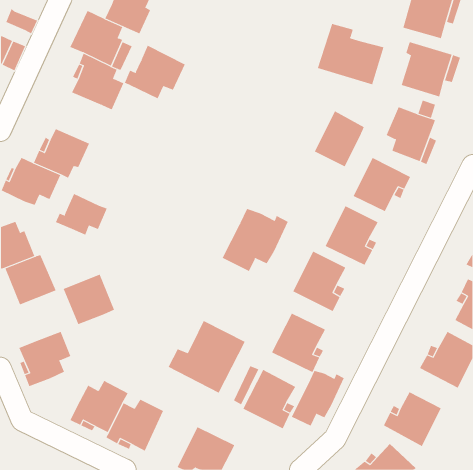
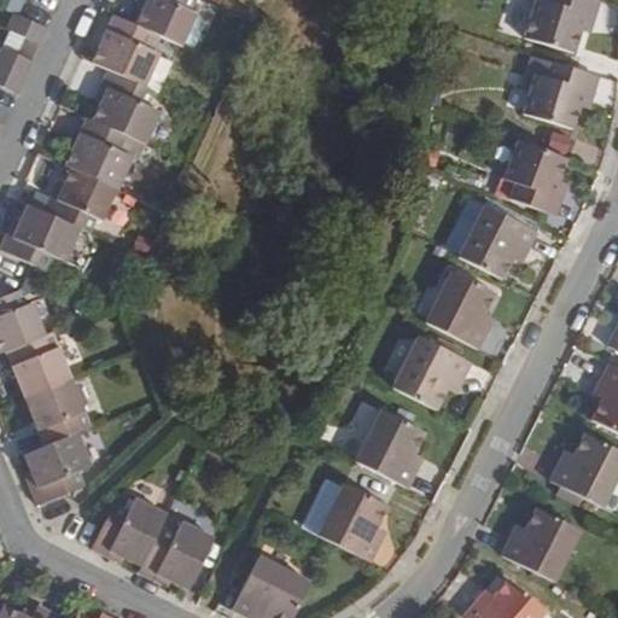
building: [317,23,384,85] -> none
building: [124,45,185,99] -> none
building: none -> [65,117,133,188]
building: [314,110,365,167] -> none
building: [55,193,108,235] -> none
building: [222,208,288,272] -> none
building: [63,274,115,325] -> [25,379,93,445]
building: [168,320,245,393] -> none
building: [291,370,345,427] -> none

